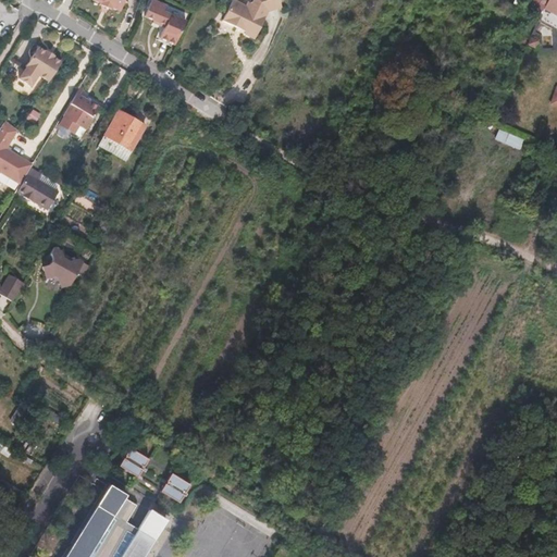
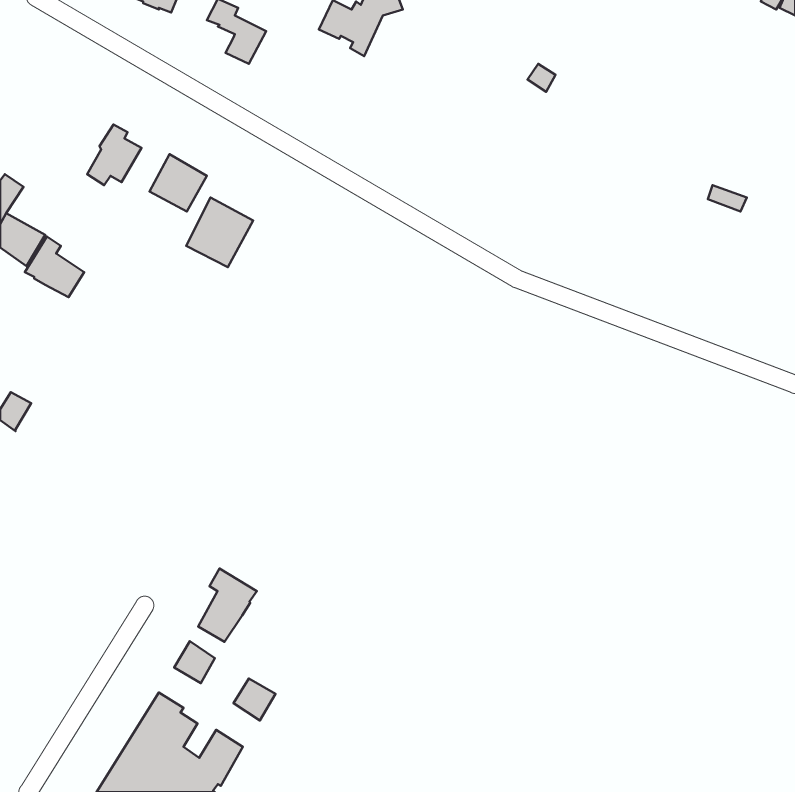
building: [18,46,62,86] -> none
building: none -> [186,197,253,267]
building: [41,245,83,284] -> none
building: none -> [198,569,257,642]

